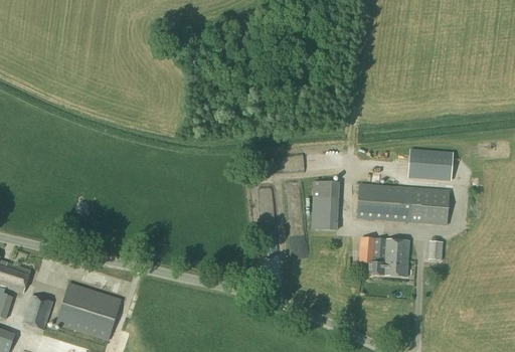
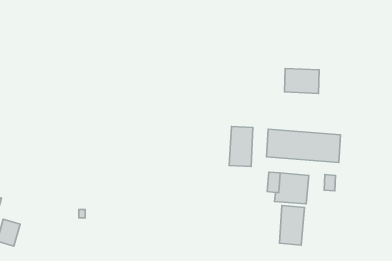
building: [407,149,451,180] -> [284,68,319,94]
building: none -> [280,206,304,245]
building: [56,282,122,340] -> none

